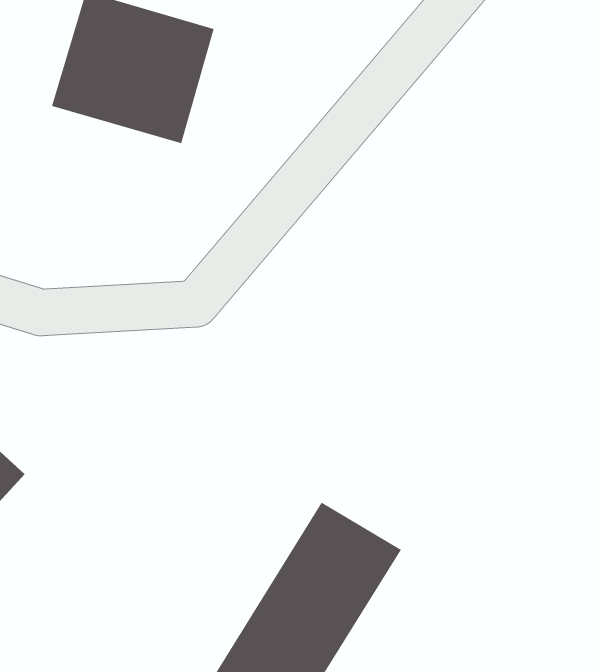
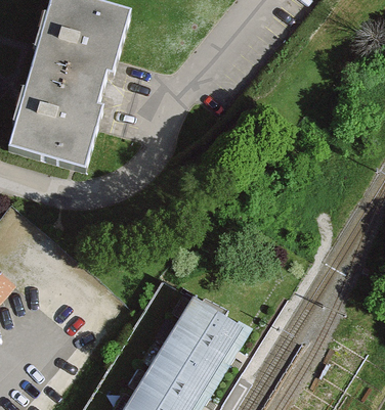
building: none -> [8,65,109,166]

